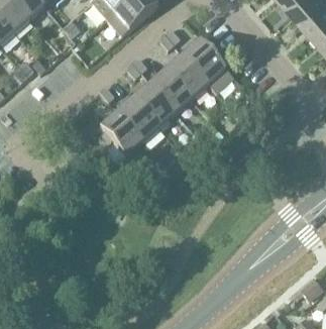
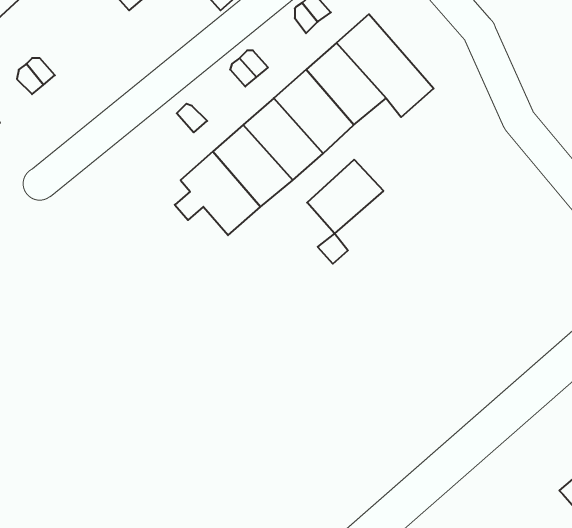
building: none -> [307,160,383,233]

